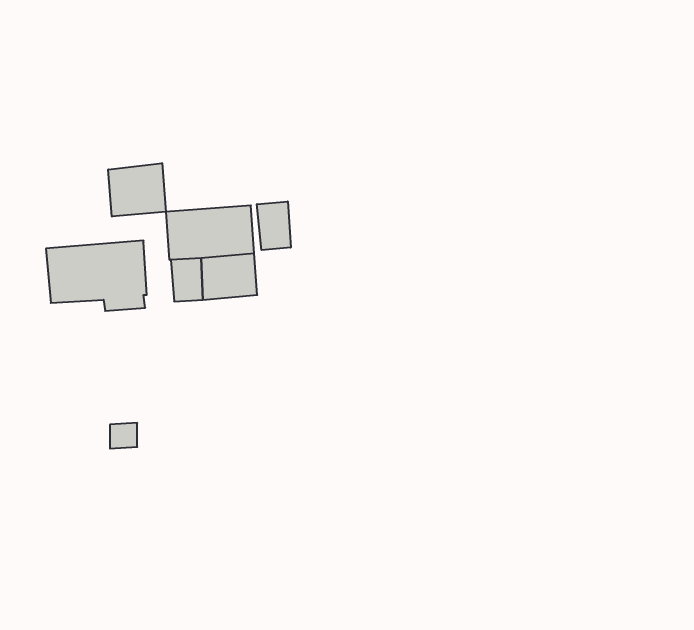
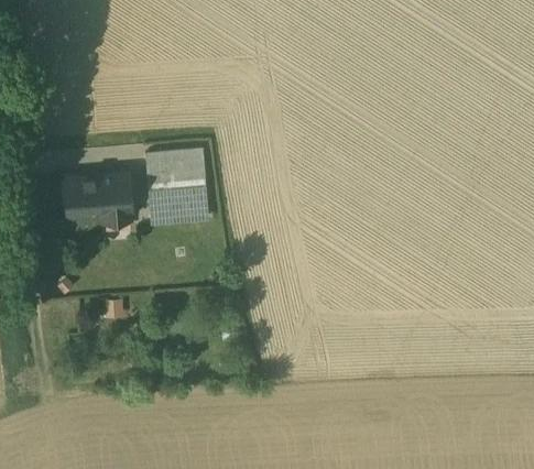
building: [108,163,166,217] -> none
building: [257,201,291,250] -> none

